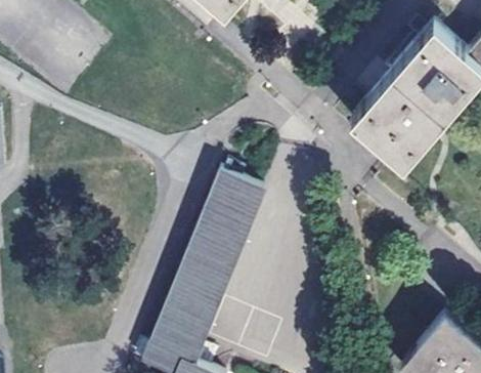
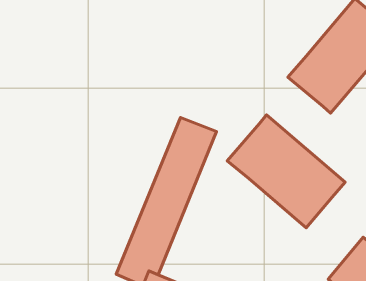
building: none -> [227,115,345,228]

